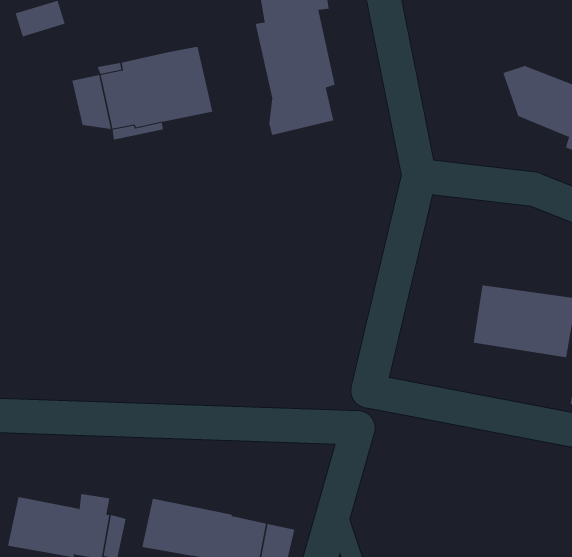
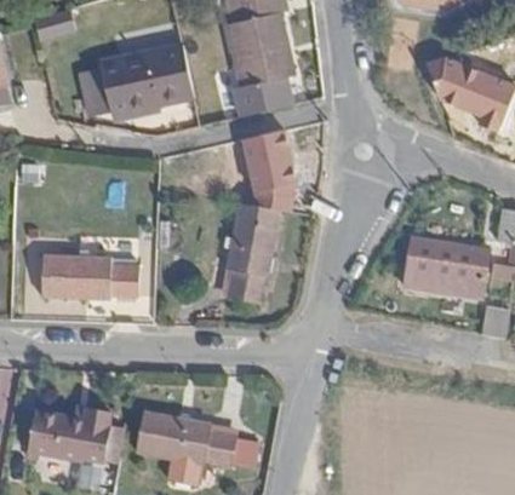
building: none -> [242,129,296,191]
building: none -> [225,203,277,304]
building: none -> [41,255,137,299]

